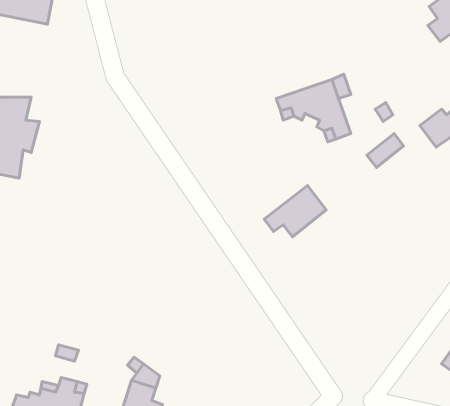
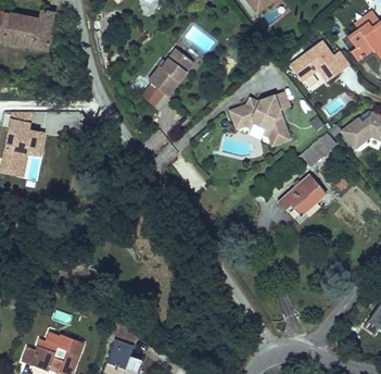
building: none -> [294,42,353,83]
building: none -> [148,48,193,93]
building: [264,185,326,237] -> [277,175,327,216]

